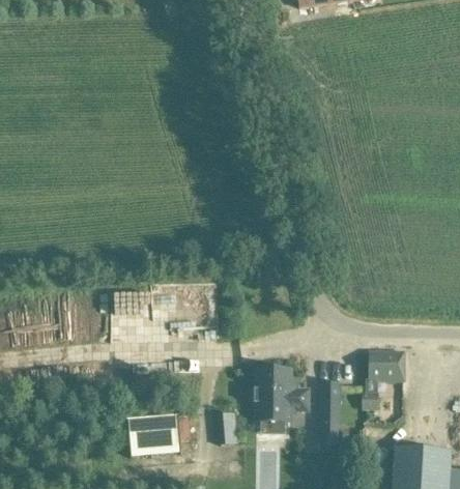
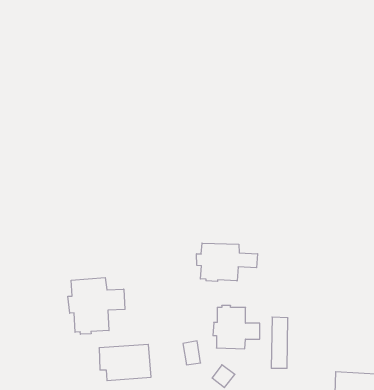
building: none -> [197,243,258,281]
building: none -> [68,278,125,334]
building: [362,353,406,423] -> none

